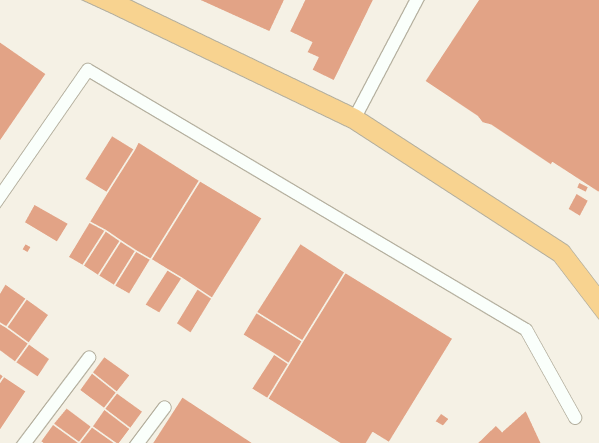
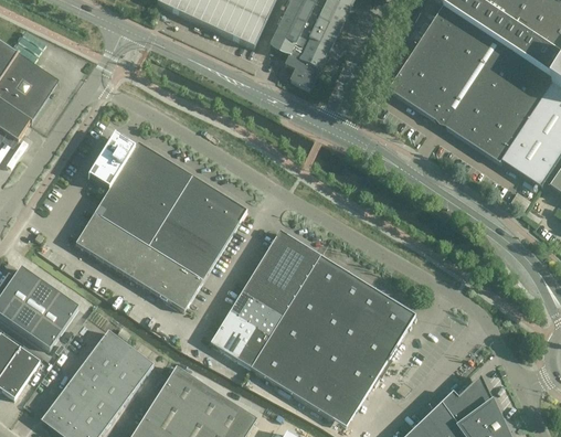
building: [24,204,69,243] -> none
building: none -> [130,245,163,285]
building: none -> [157,262,190,301]
building: none -> [42,294,80,332]
building: none -> [211,311,257,359]
building: none -> [119,347,154,379]
building: none -> [75,360,108,392]

